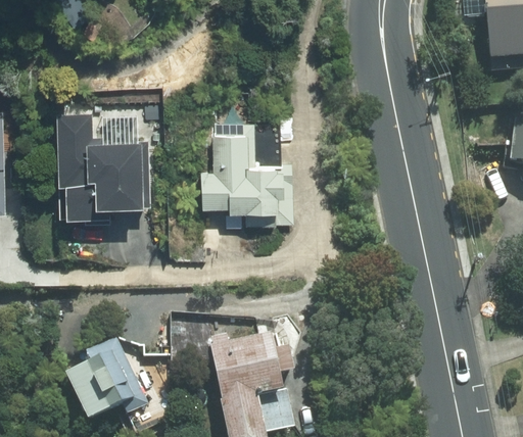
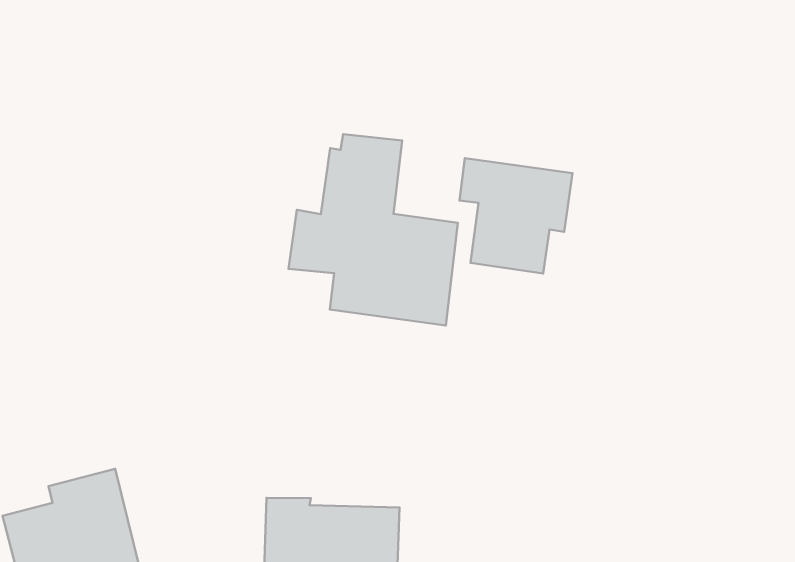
building: [54,113,140,216] -> none
building: none -> [459,158,573,274]

